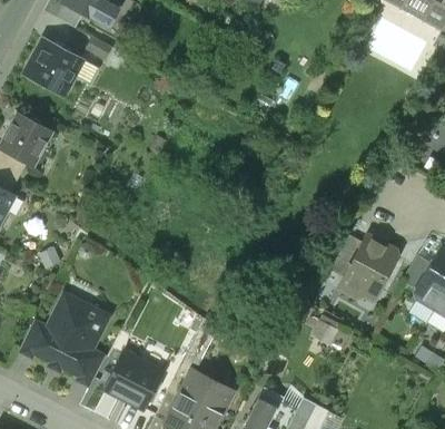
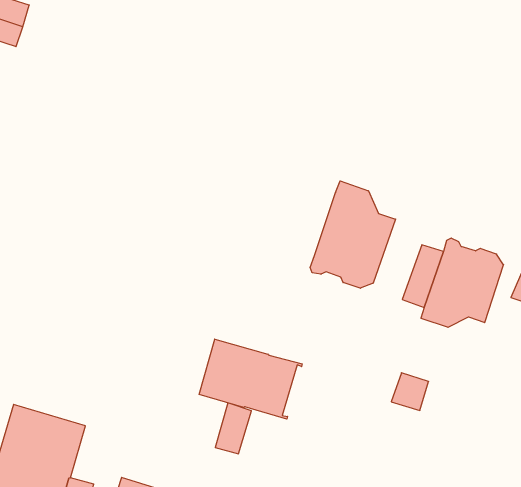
building: none -> [310,181,396,288]
building: none -> [199,339,302,419]

